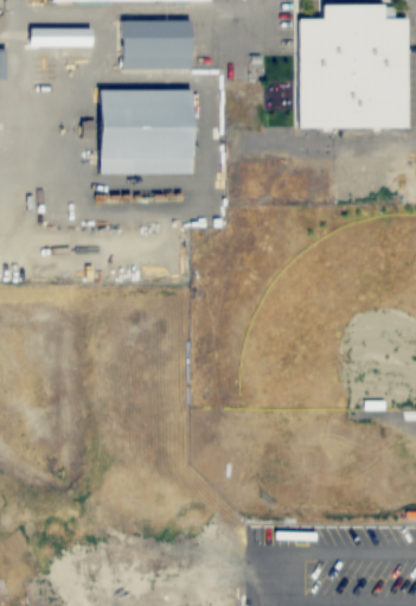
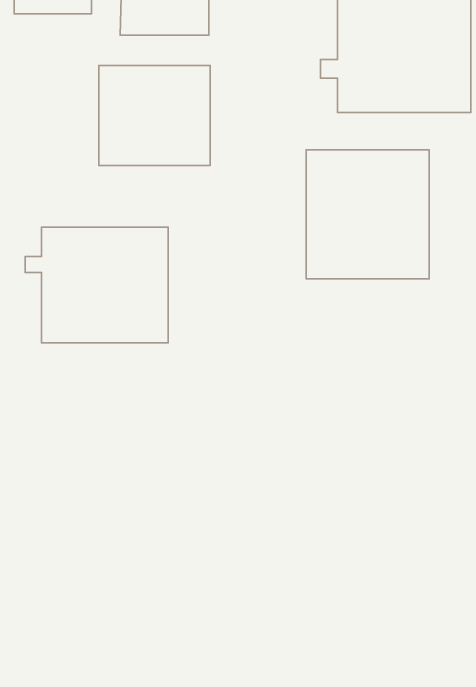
building: none -> [306,150,429,279]
building: none -> [25,227,168,343]

